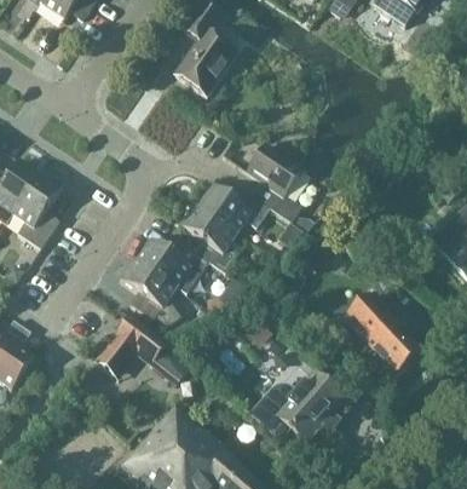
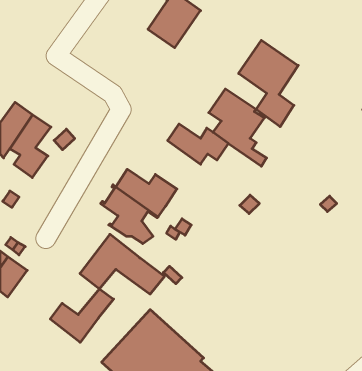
building: none -> [239,40,298,127]
building: [184,203,241,271] -> none
building: [335,290,421,373] -> none
building: [252,372,345,441] -> none
building: none -> [50,289,114,342]

